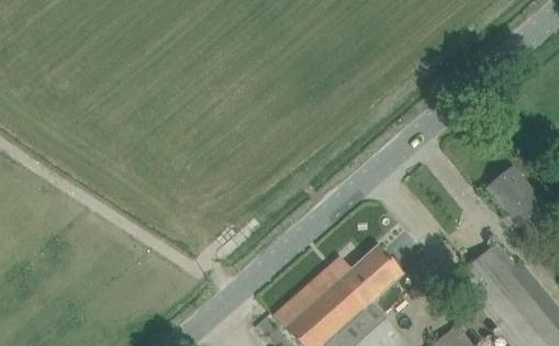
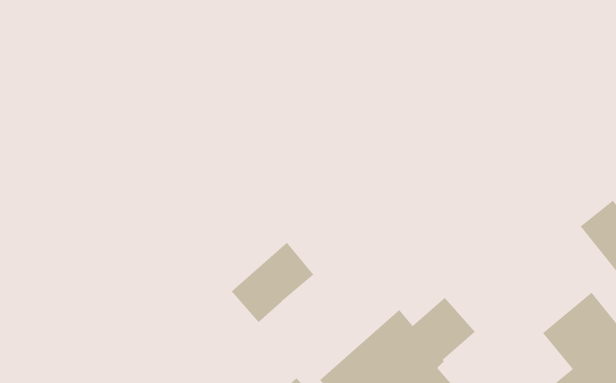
building: none -> [231,242,314,323]

